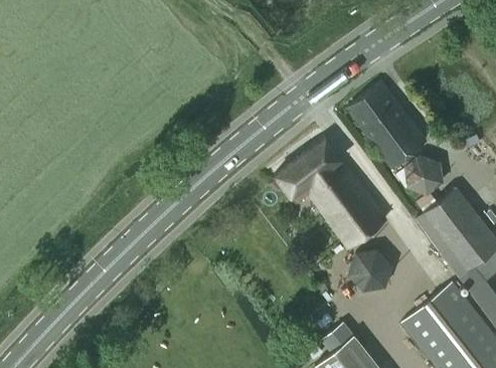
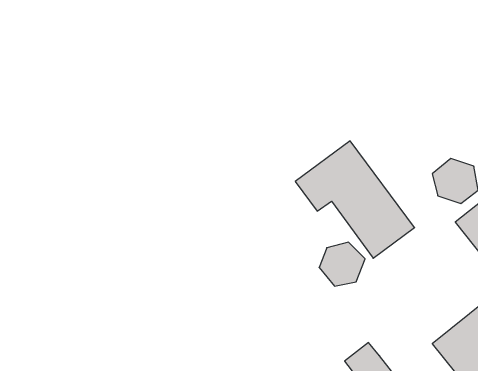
building: [347,84,425,167] -> none
building: [349,250,391,291] -> [319,242,365,286]

